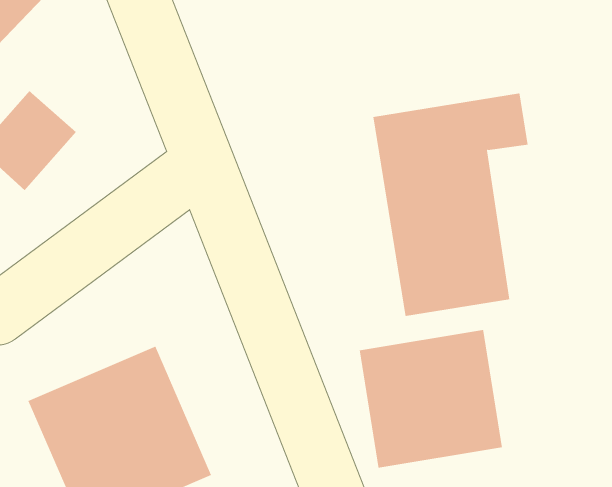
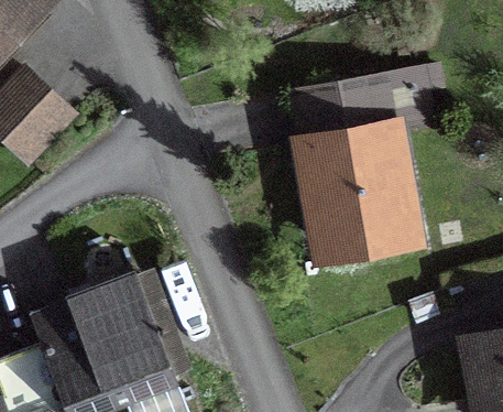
building: [359,329,503,468] -> none

